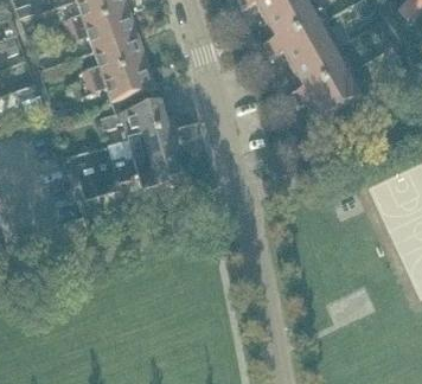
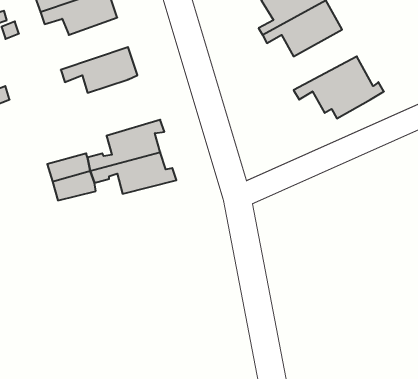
building: [82,34,146,81] -> none
building: [288,45,347,98] -> none
building: [98,89,174,139] -> none

